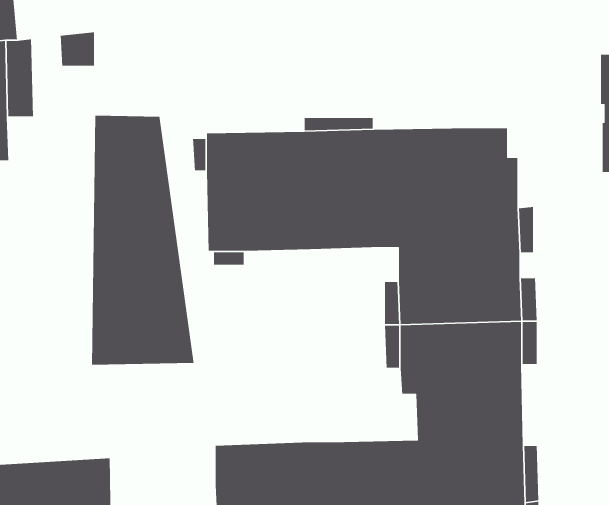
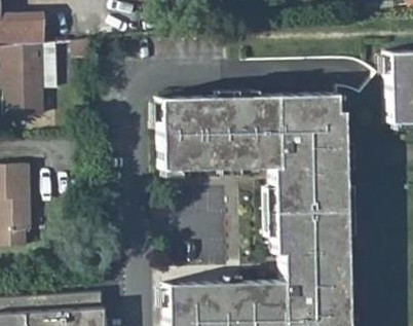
building: [91,115,195,365] -> none

